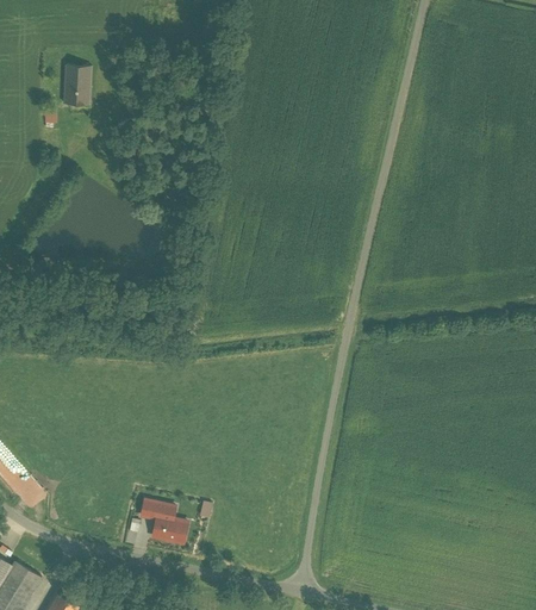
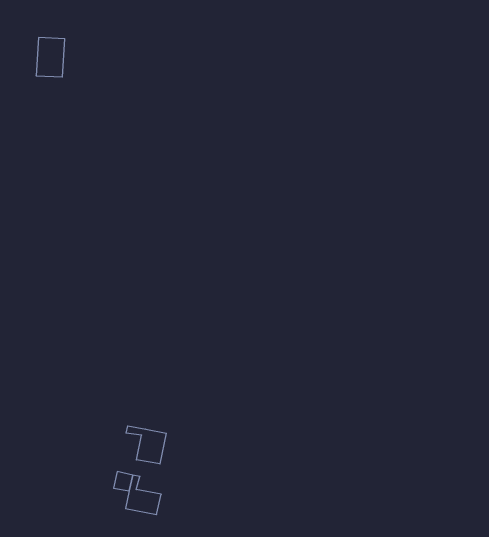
building: none -> [126,426,166,464]

